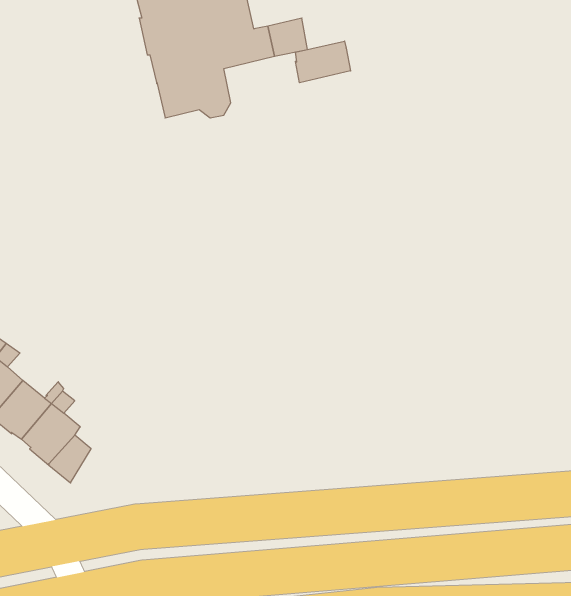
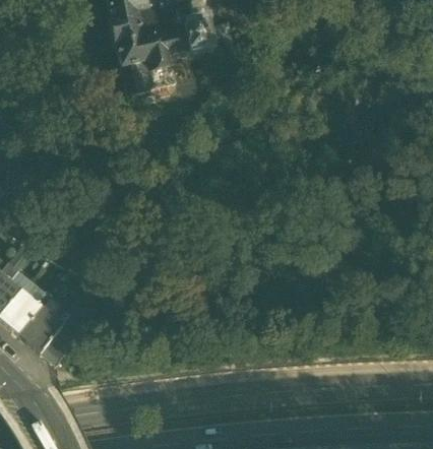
building: [295,41,351,83] -> none

